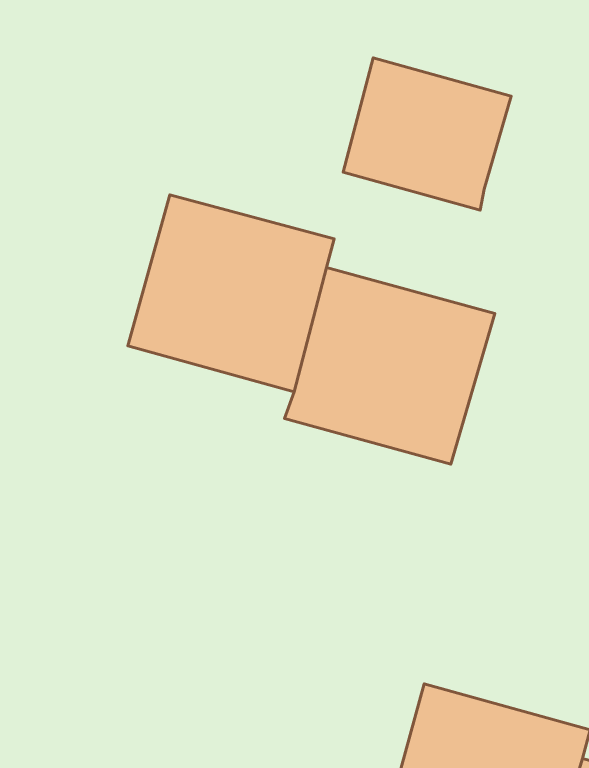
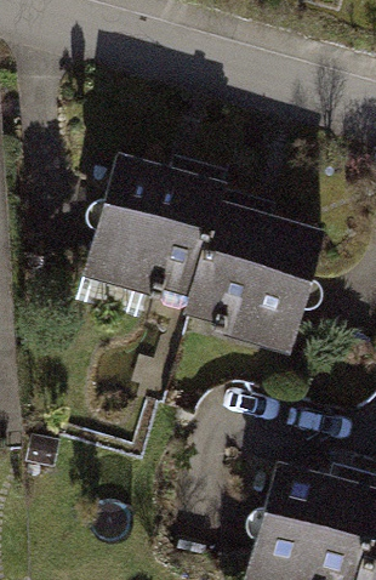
building: [343,58,511,210] -> none

